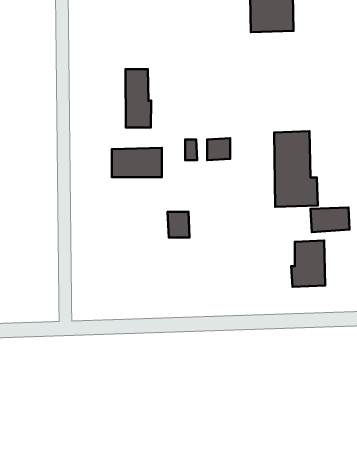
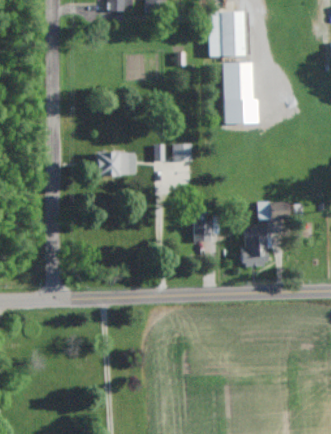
building: [126,69,151,127] -> none
building: [274,131,318,207] -> [222,62,258,124]
building: [168,212,190,237] -> [194,221,212,242]

